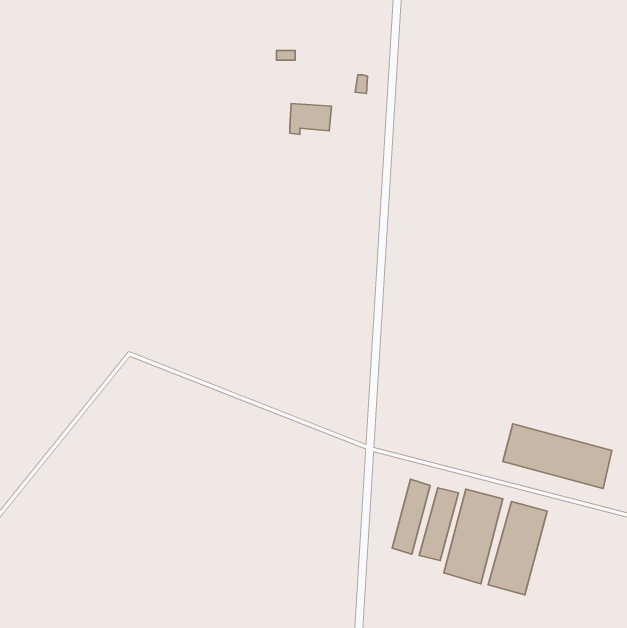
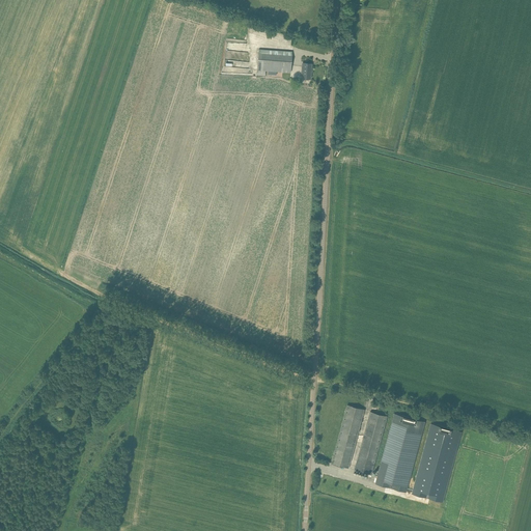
building: [290,104,332,134] -> [256,50,291,76]
building: [503,424,612,489] -> none

